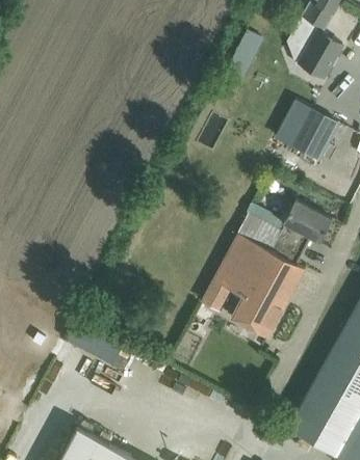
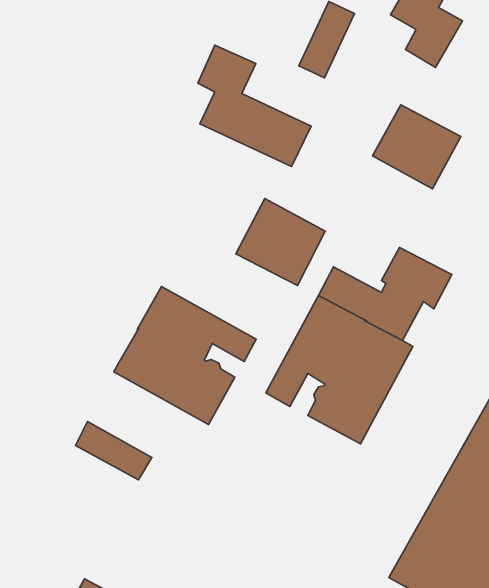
building: none -> [198,45,311,167]
building: none -> [236,199,325,286]
building: none -> [114,287,256,425]

